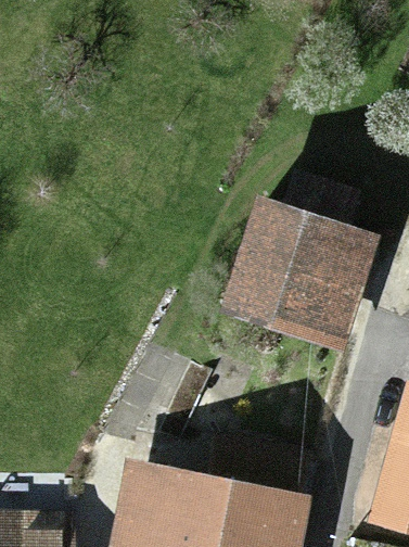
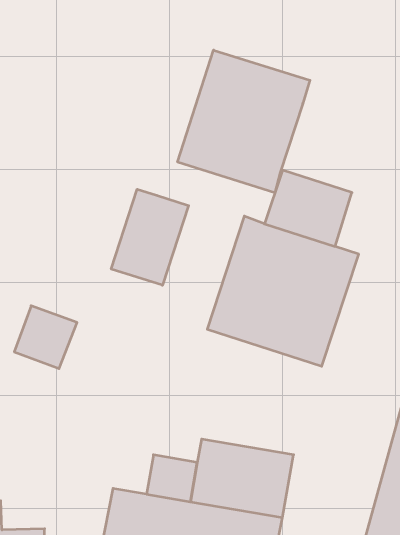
building: none -> [178,50,310,193]
building: none -> [111,189,189,285]

